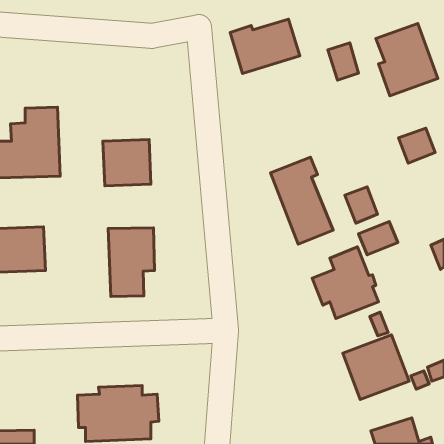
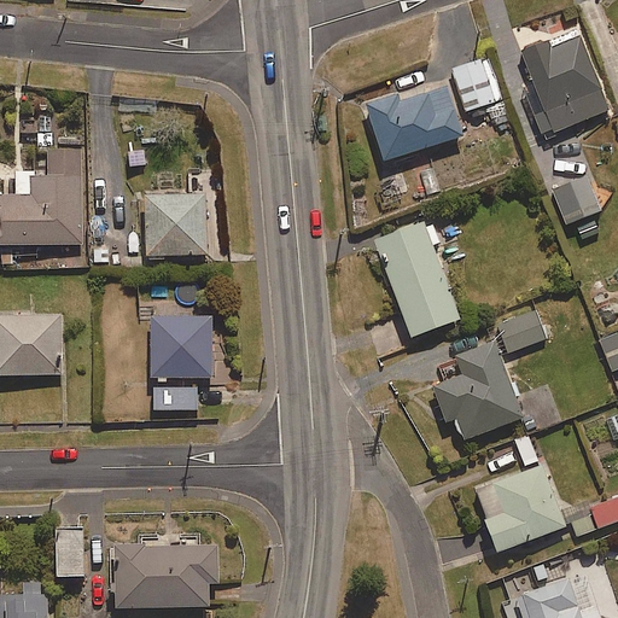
building: [230,19,300,73] -> [367,87,464,162]
building: [345,187,377,223] -> none
building: none -> [54,527,82,578]

